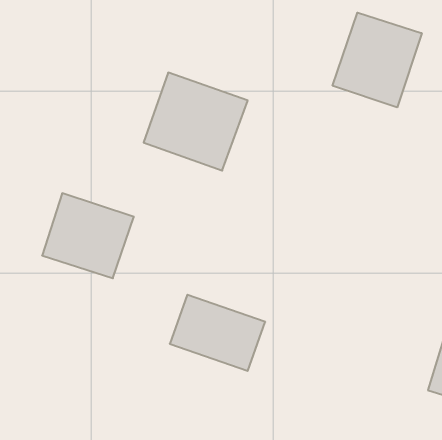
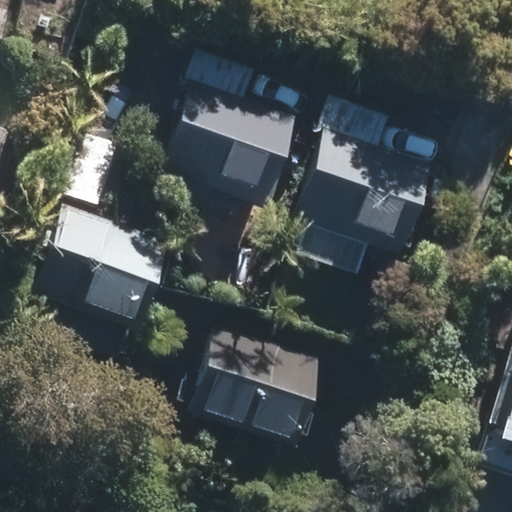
building: [333,13,422,107] -> none
building: none -> [302,131,426,243]

